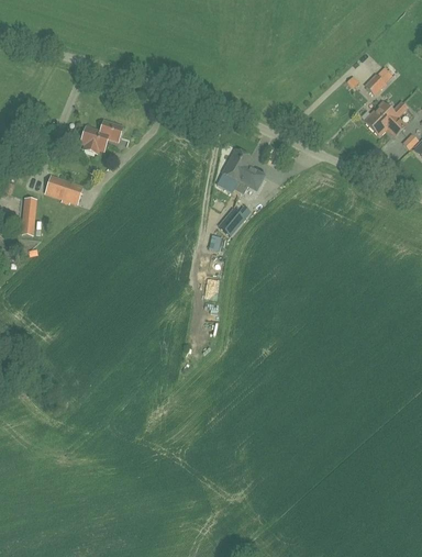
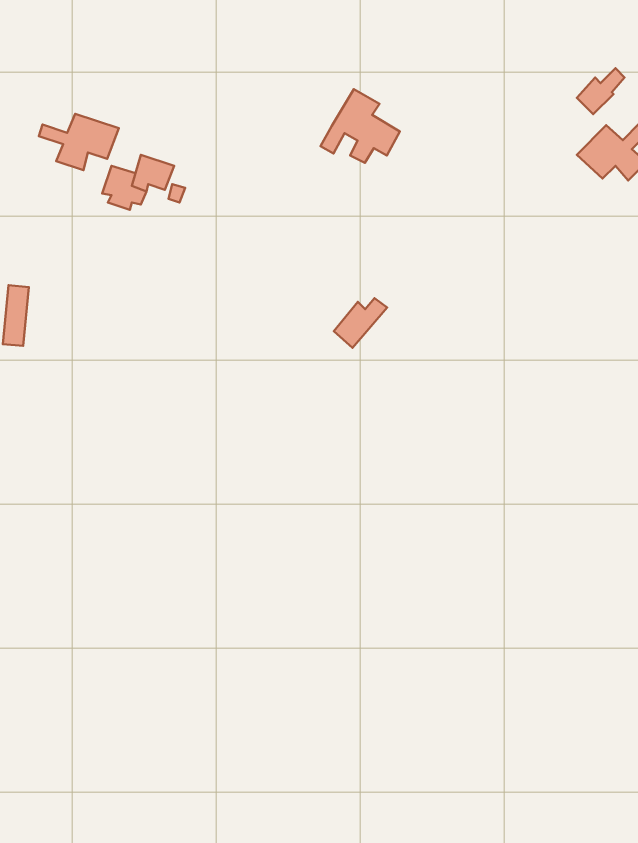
building: none -> [39,114,119,170]
building: [216,149,264,193] -> [321,89,400,163]
building: [45,176,84,203] -> none

